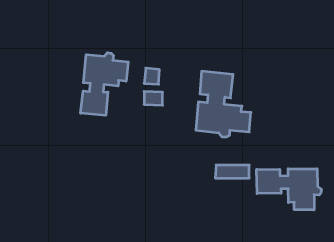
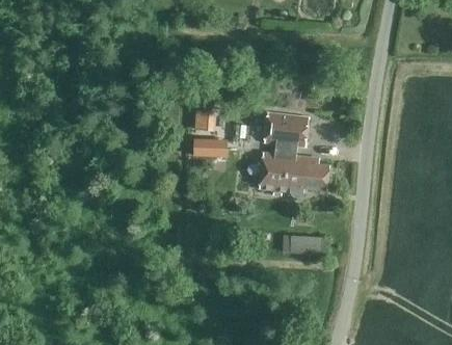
building: [81,53,128,115] -> none
building: [257,169,321,210] -> none

